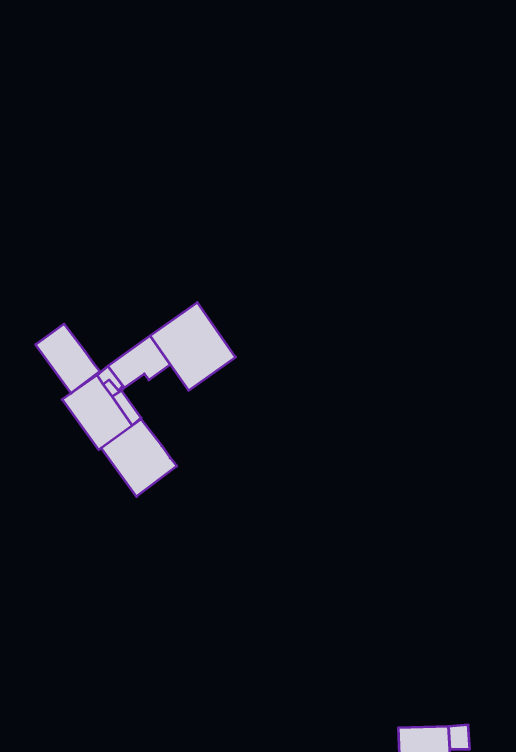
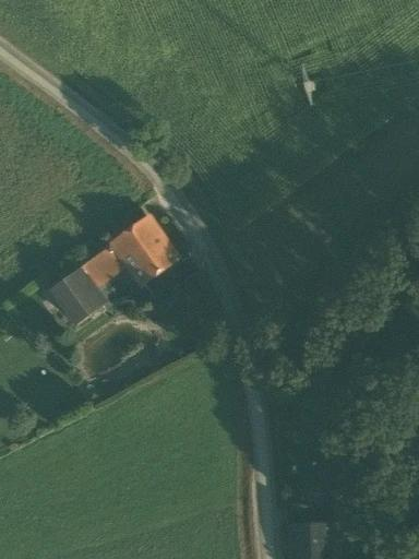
building: [36,324,100,393] -> none
building: [101,419,177,497] -> none

